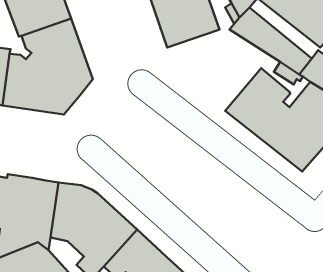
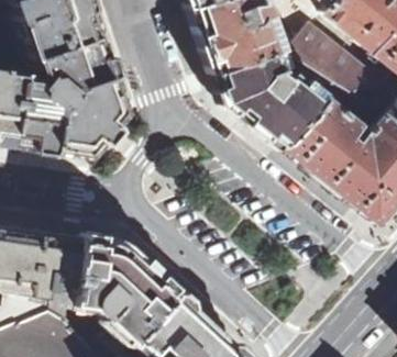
building: none -> [207,47,319,145]

